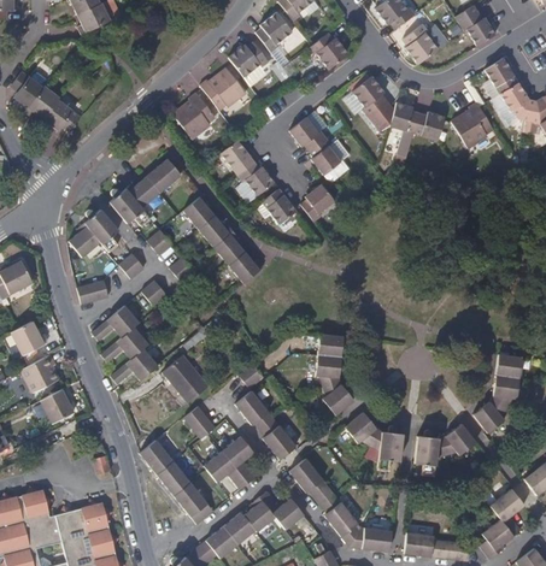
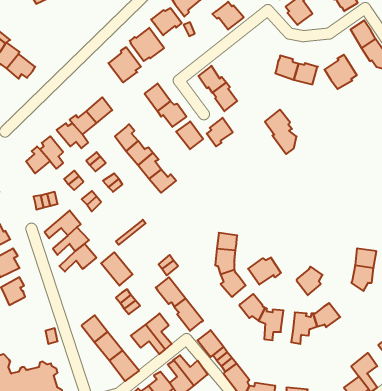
building: [353,75,394,132] -> [265,110,297,154]
building: none -> [248,257,281,285]
building: [471,397,505,435] -> [297,267,323,295]

